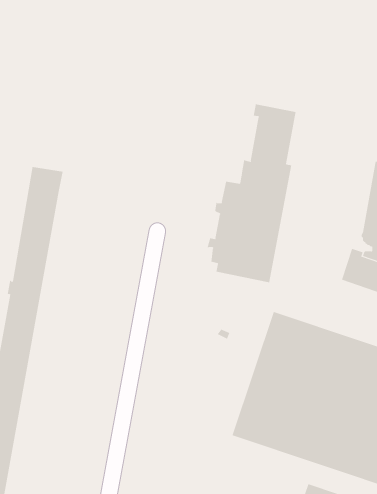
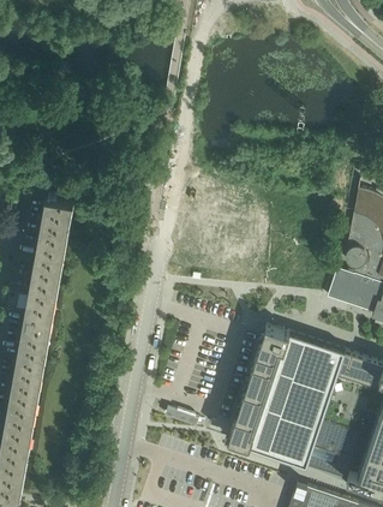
building: [207,104,296,283] -> none

